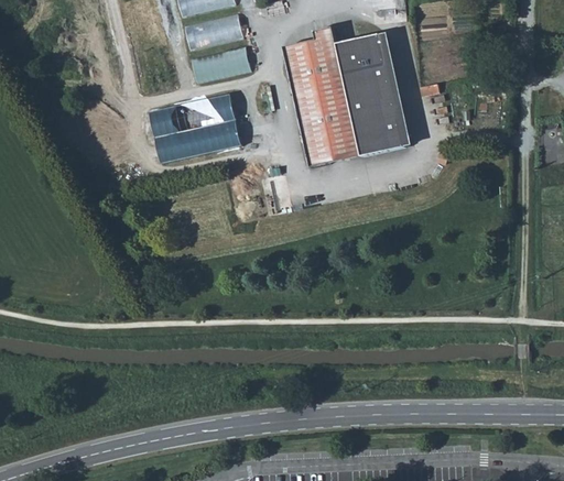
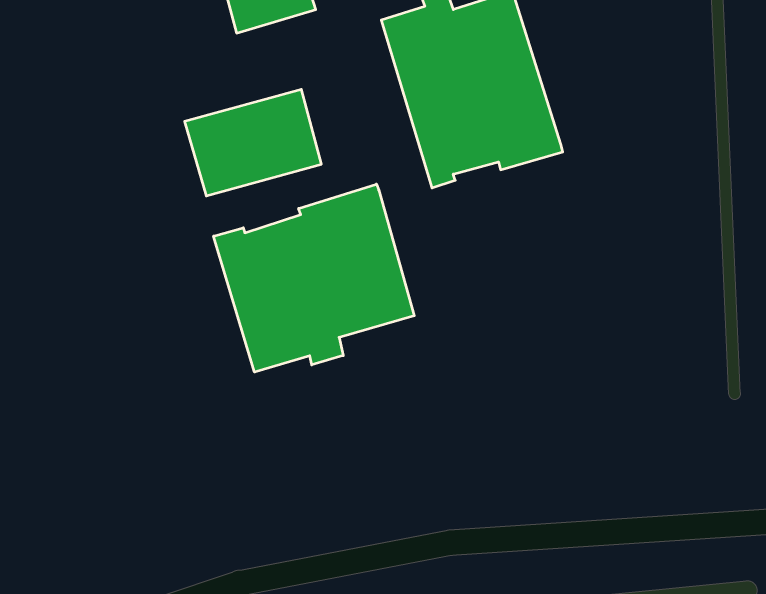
building: [187,45,251,85] -> none
building: none -> [214,184,414,372]

